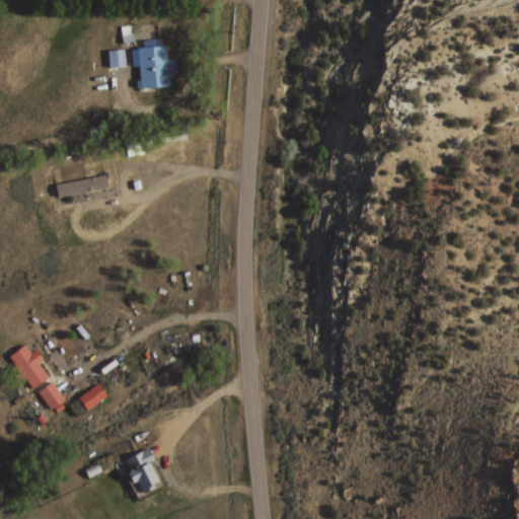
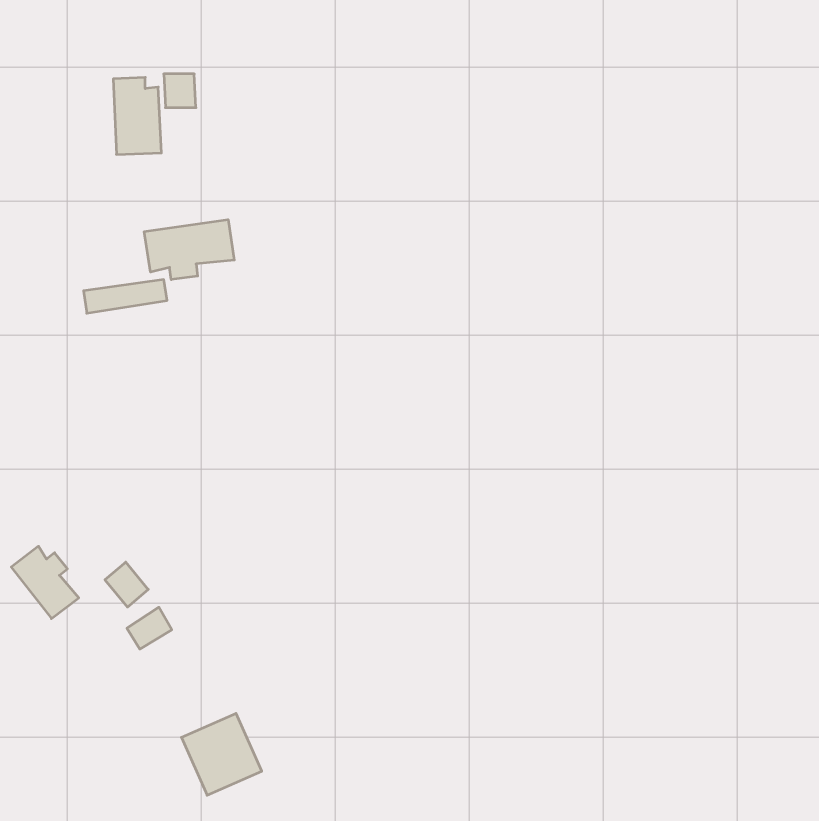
building: [138,40,168,88] -> [113,77,161,154]
building: none -> [144,220,234,280]
building: [40,382,67,411] -> [105,562,148,607]

